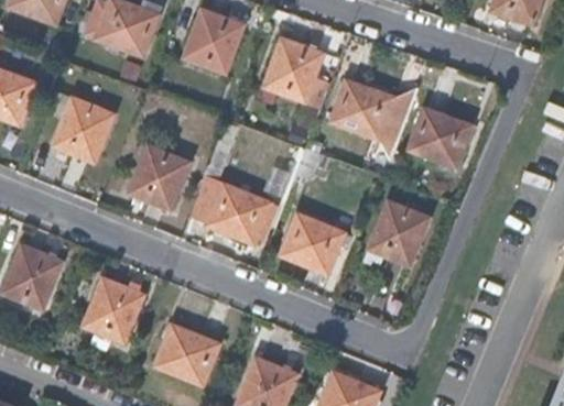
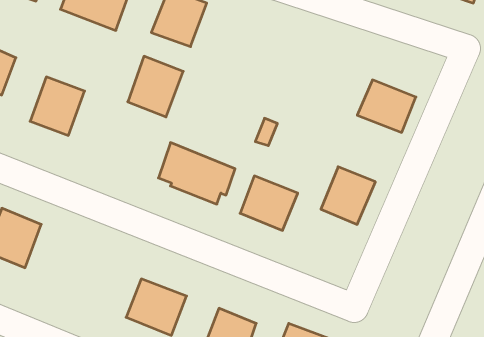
building: [264,40,326,102] -> none
building: [332,75,419,161] -> none
building: [129,143,189,209] -> [128,56,183,117]
building: [84,281,144,343] -> none

